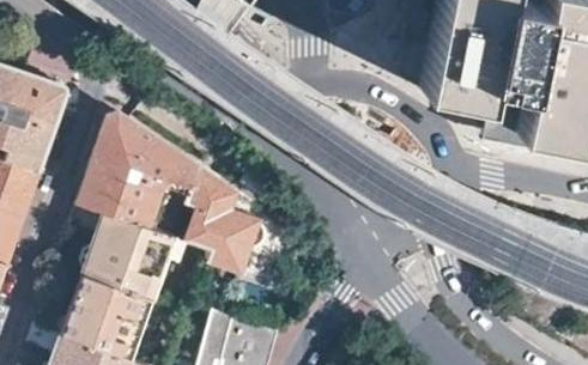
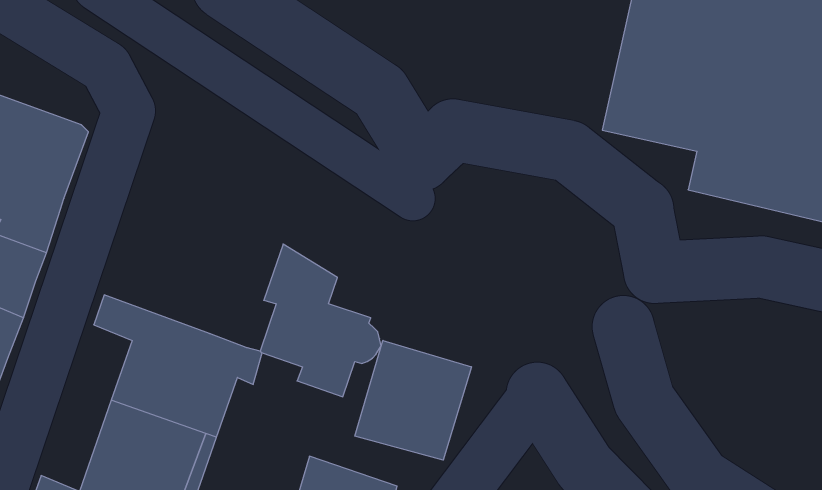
building: [77,112,199,229] -> none
building: none -> [355,340,471,460]

